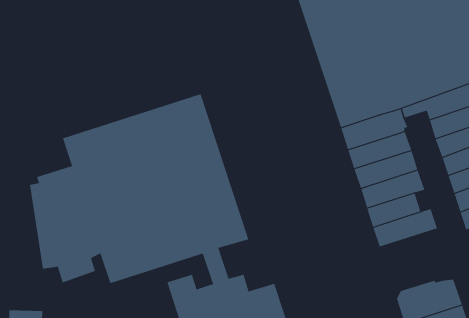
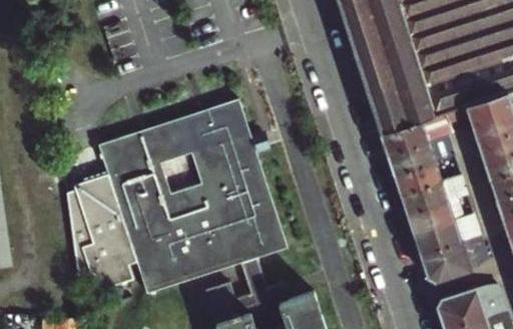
building: none -> [420,236,487,283]

